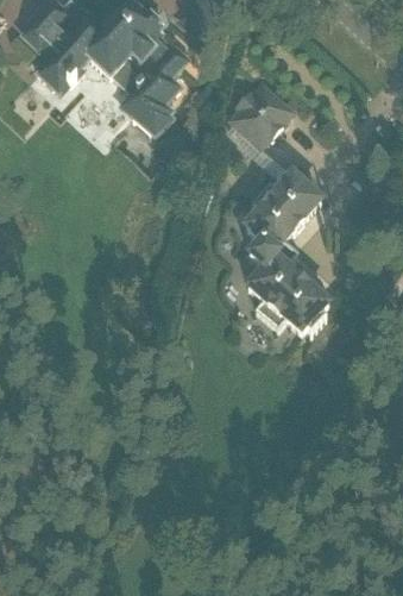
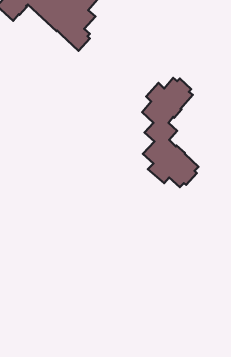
building: [231,83,291,145] -> none

